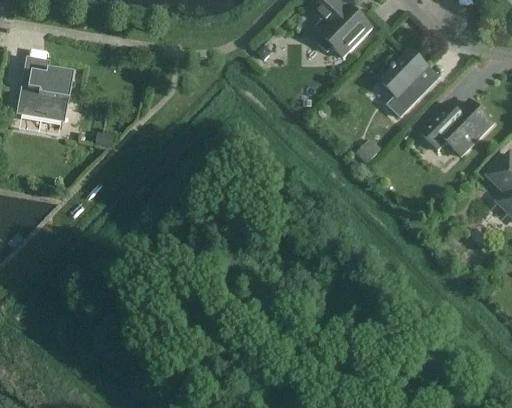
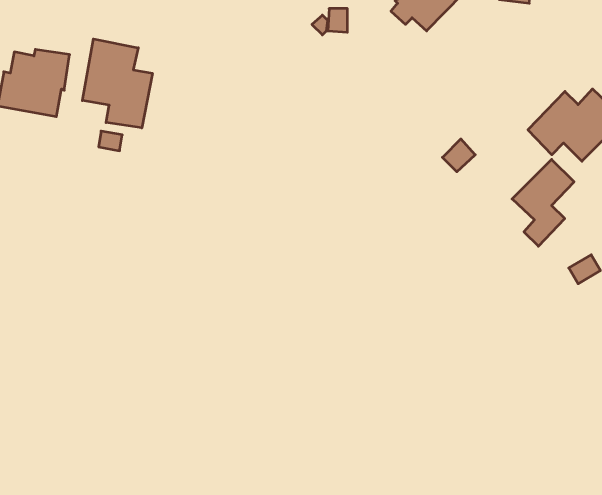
building: [380,49,427,115] -> [512,159,574,246]
building: none -> [82,39,152,128]

